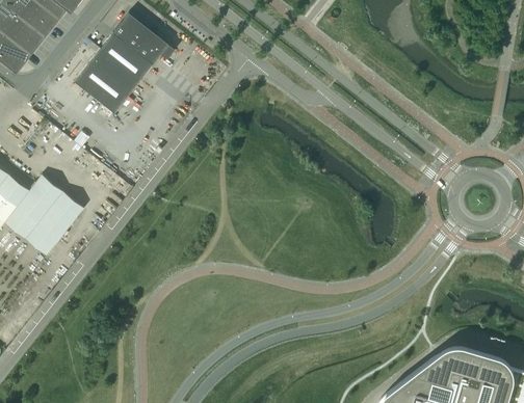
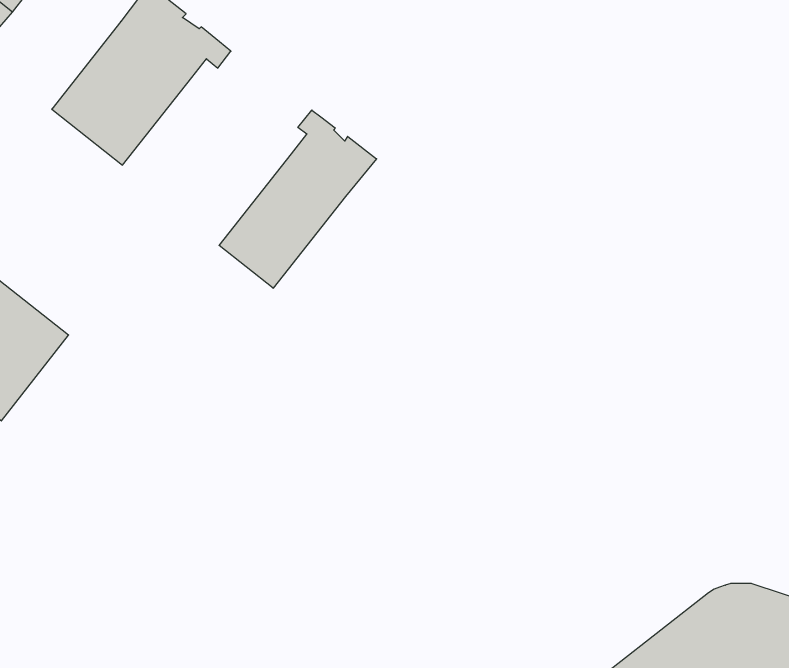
building: none -> [219,110,377,288]

